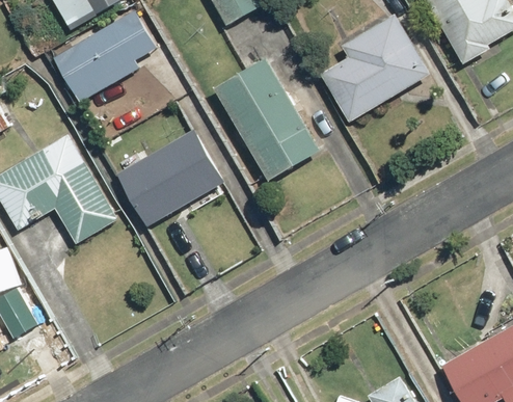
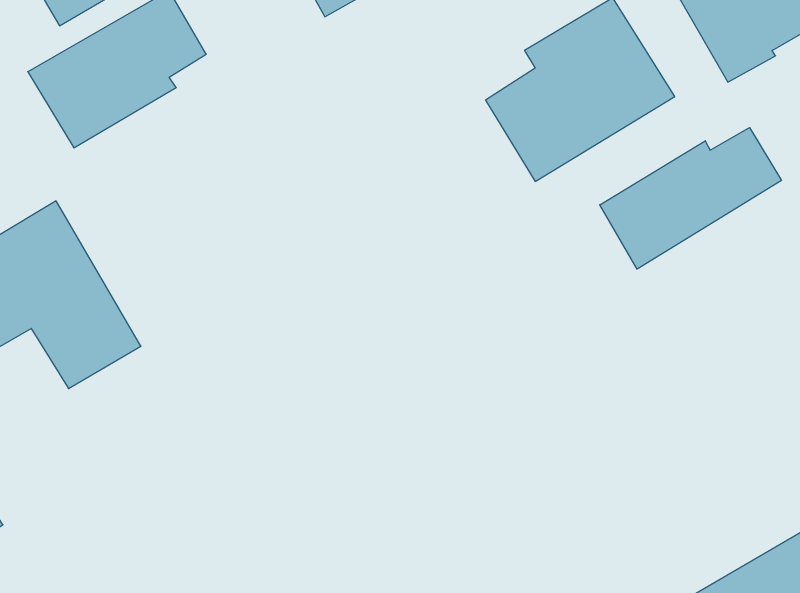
building: [213,58,321,182] -> none
building: none -> [600,128,781,269]
building: [115,129,224,226] -> none

